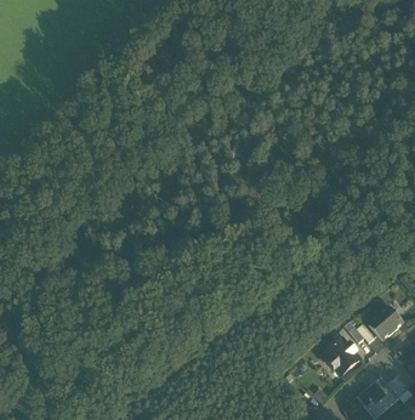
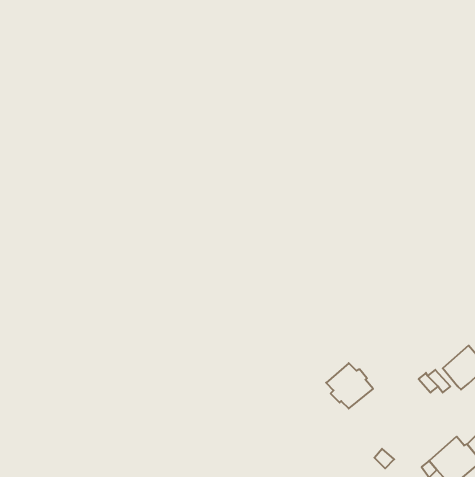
building: [323,337,360,374] -> [326,363,373,409]

